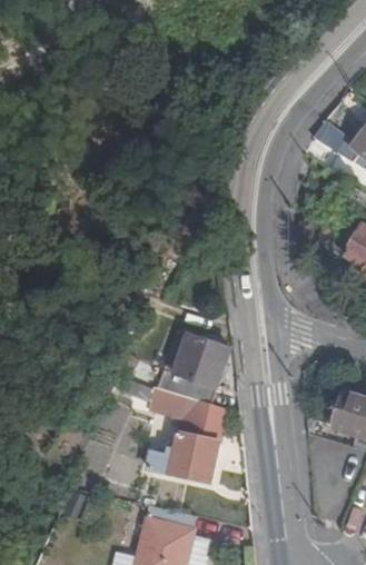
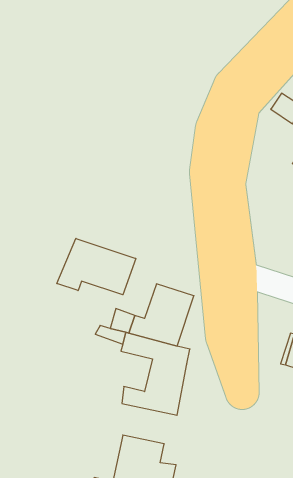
building: none -> [57,238,136,295]

